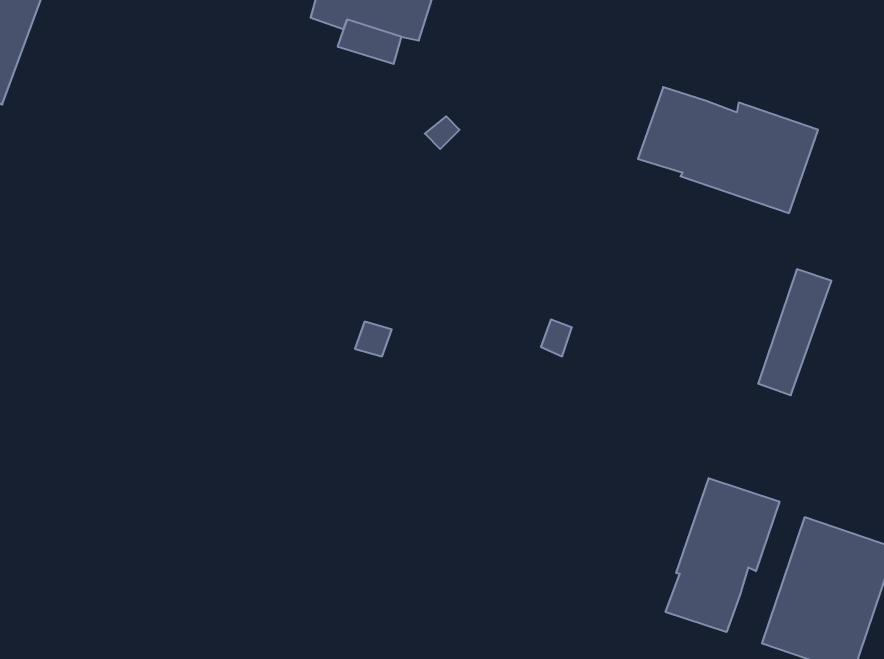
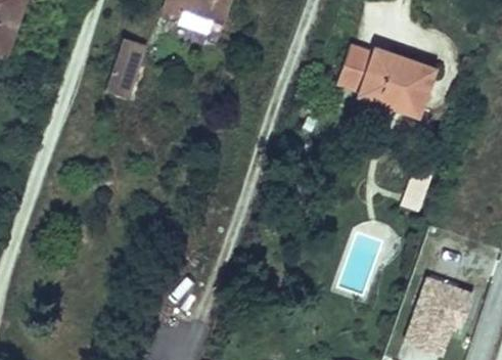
building: none -> [105,41,145,97]
building: [666,478,779,632] -> none

